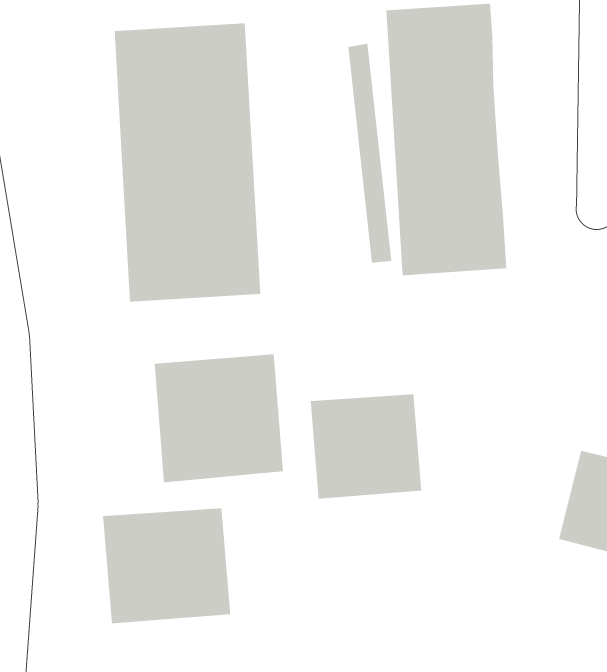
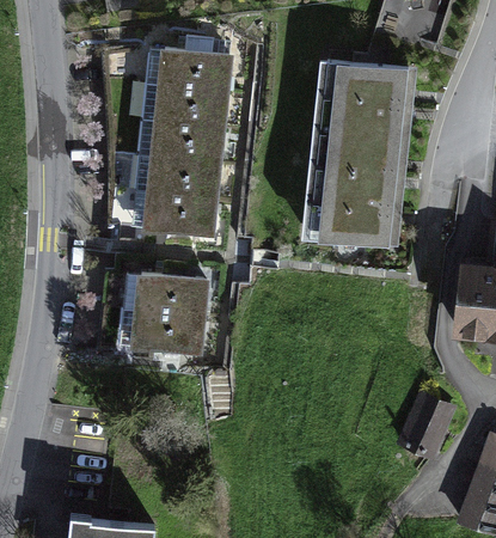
building: [310,394,422,500] -> none
building: [103,508,231,624] -> none

